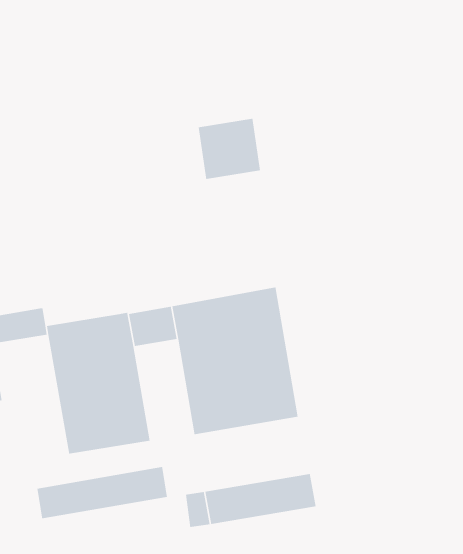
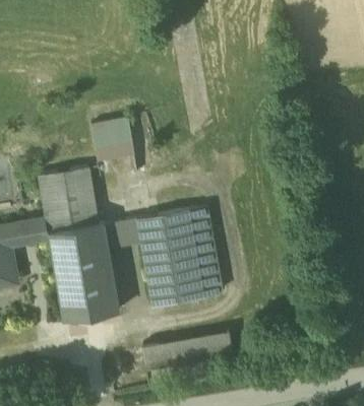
building: [198,118,261,180] -> [92,119,134,160]
building: none -> [39,167,99,232]
building: [37,466,167,519] -> none

